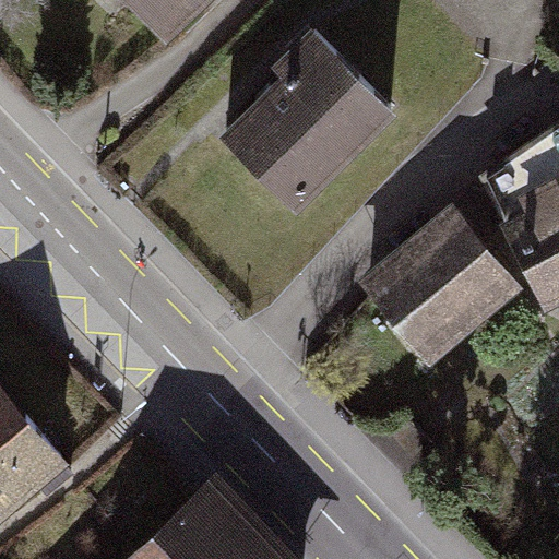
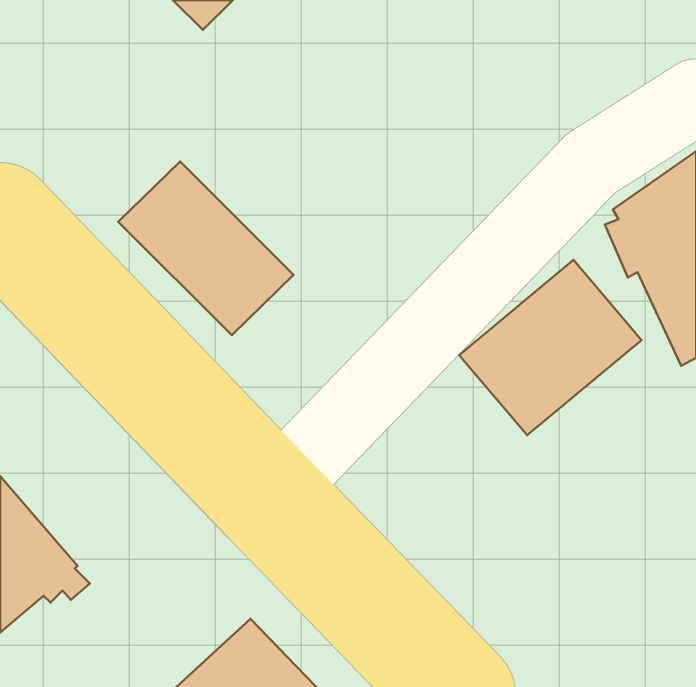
building: [227,34,393,207] -> none
building: none -> [118,161,294,335]

